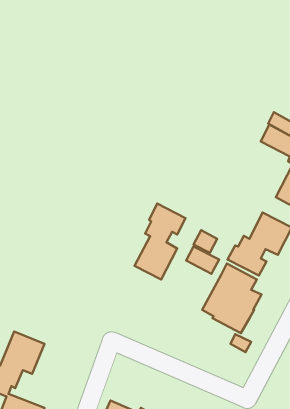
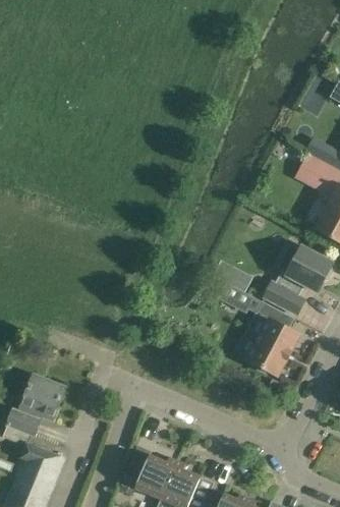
building: [135,204,185,280] -> none

